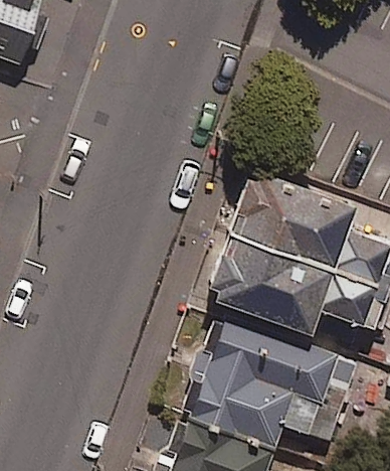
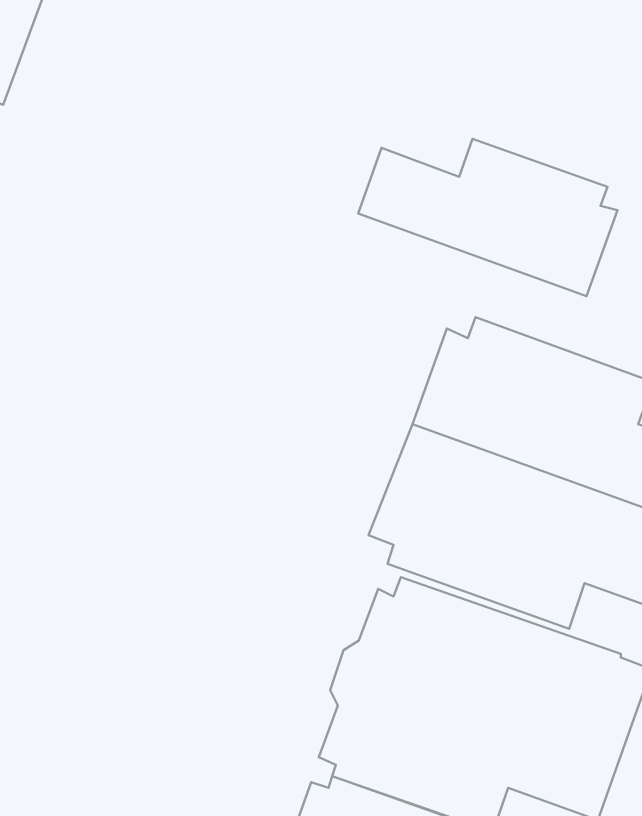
building: none -> [358,139,618,296]

